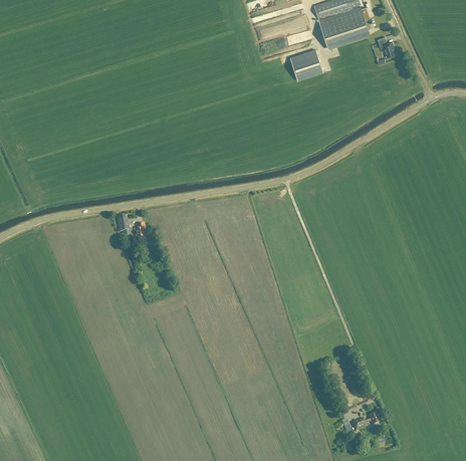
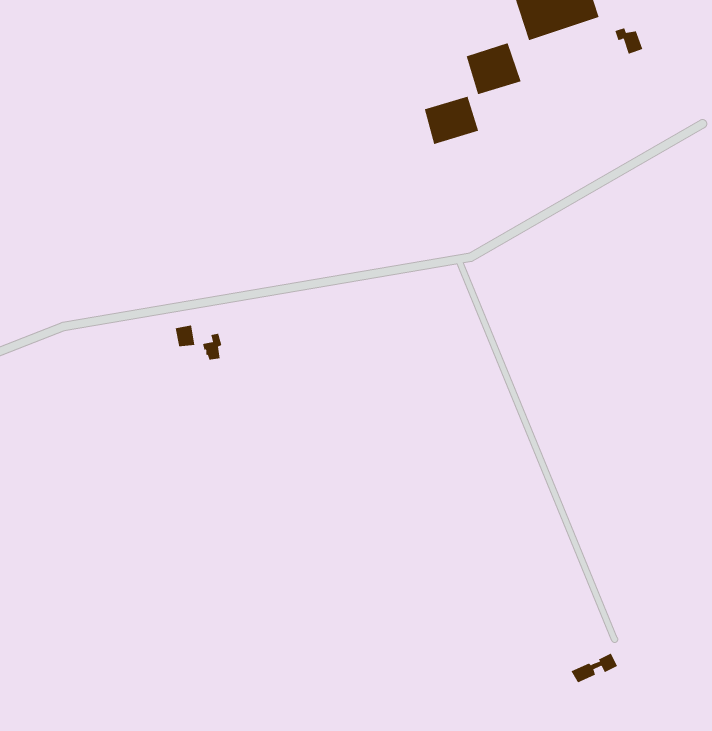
building: none -> [424,96,479,145]

